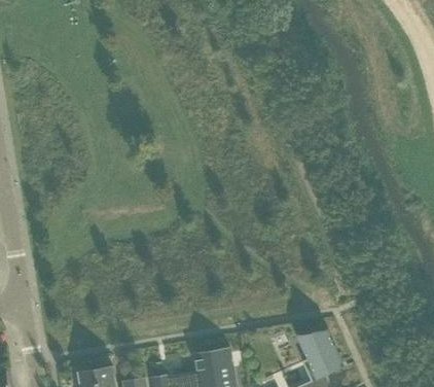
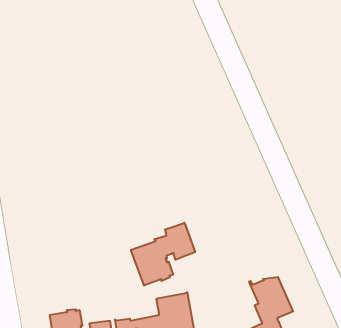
building: none -> [131,223,195,286]

